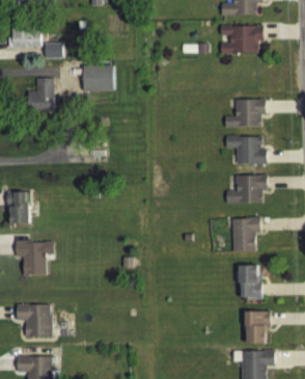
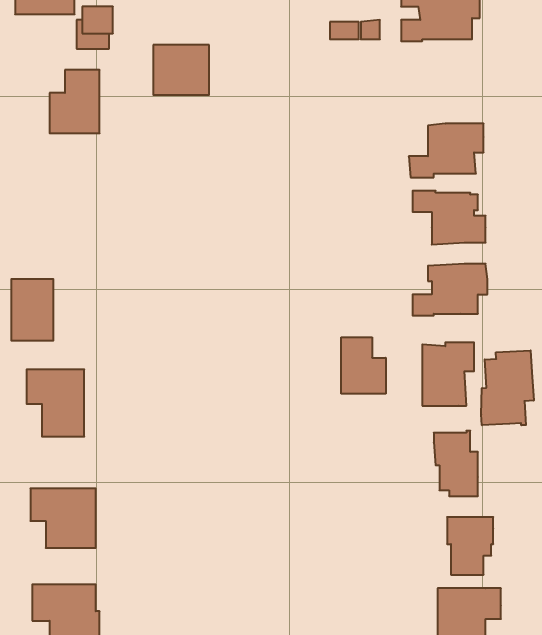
building: none -> [341,337,386,394]
building: none -> [481,350,534,425]

